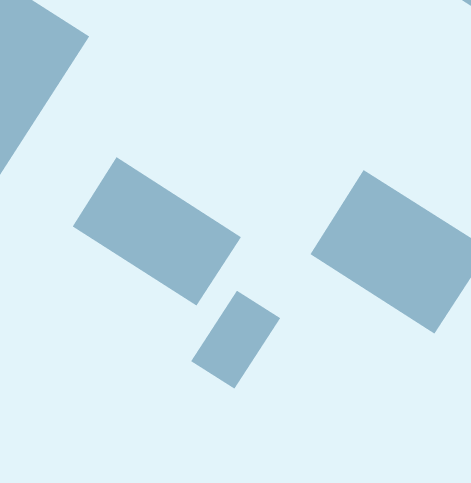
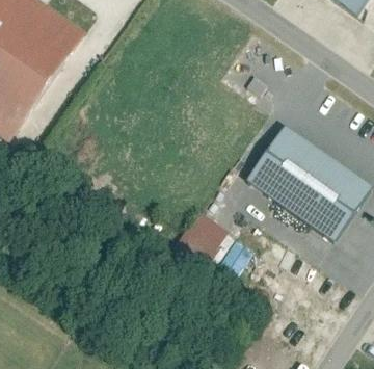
building: [72,156,242,306] -> none

